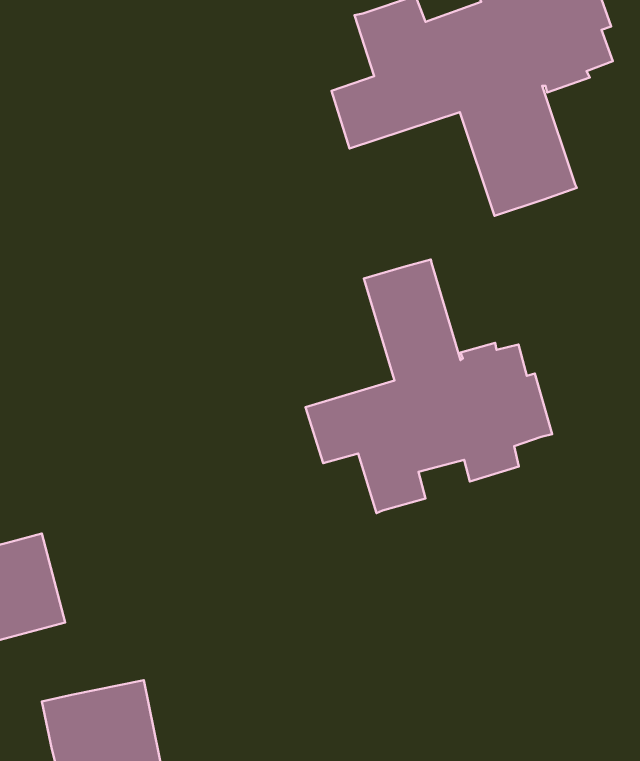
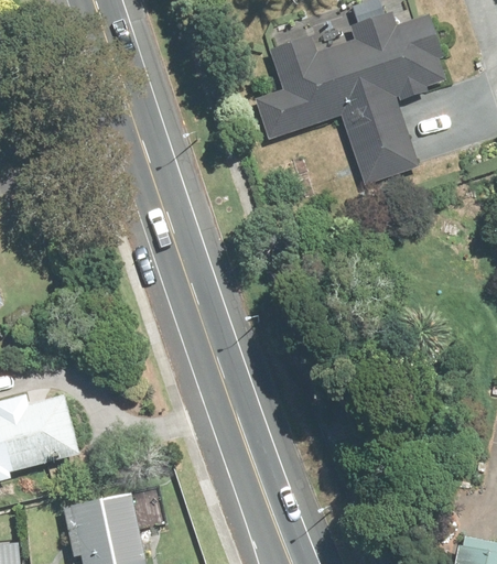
building: [306,259,552,513] -> none

